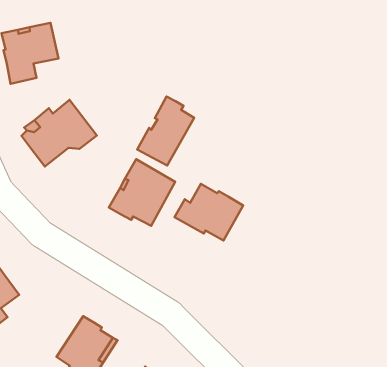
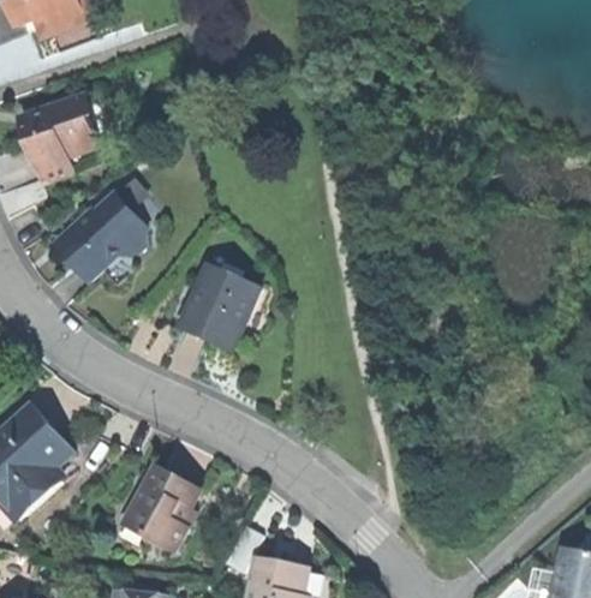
building: [137,96,194,165] -> none
building: [174,184,243,240] -> none

